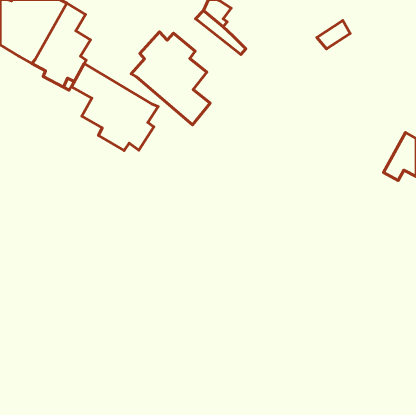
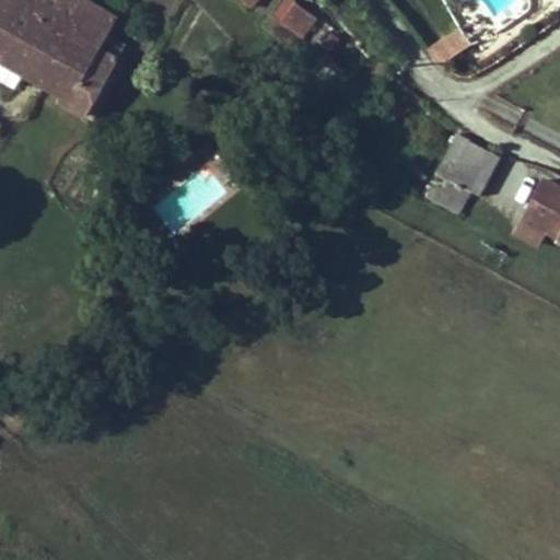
building: [131,32,210,125] -> none
building: [71,64,158,150] -> none
building: none -> [427,133,500,211]

